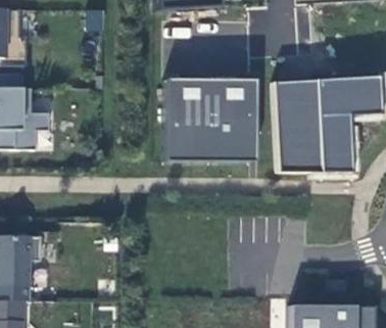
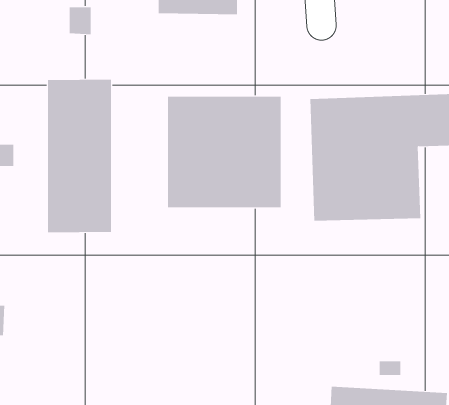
building: none -> [48,79,111,233]

